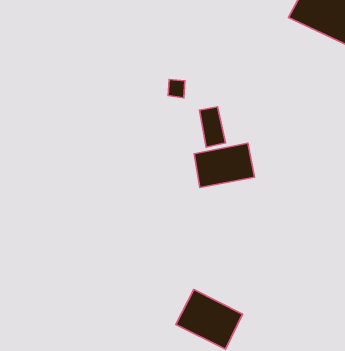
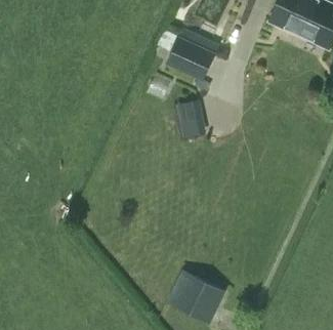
building: none -> [164,27,218,80]
building: [194,143,255,188] -> none

